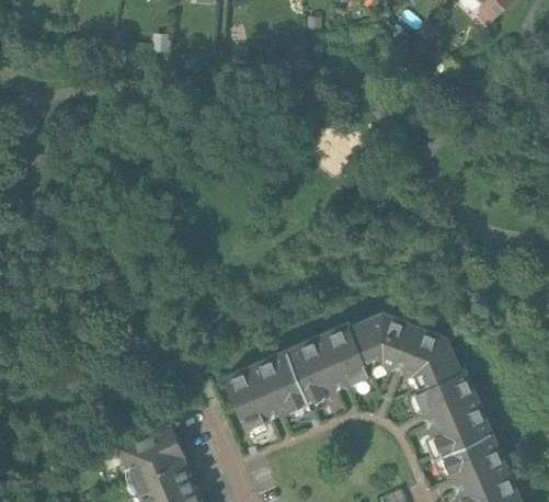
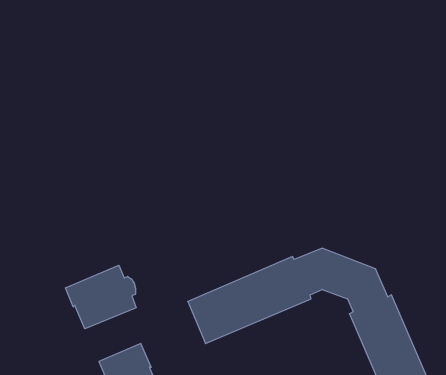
building: none -> [66,265,136,329]

